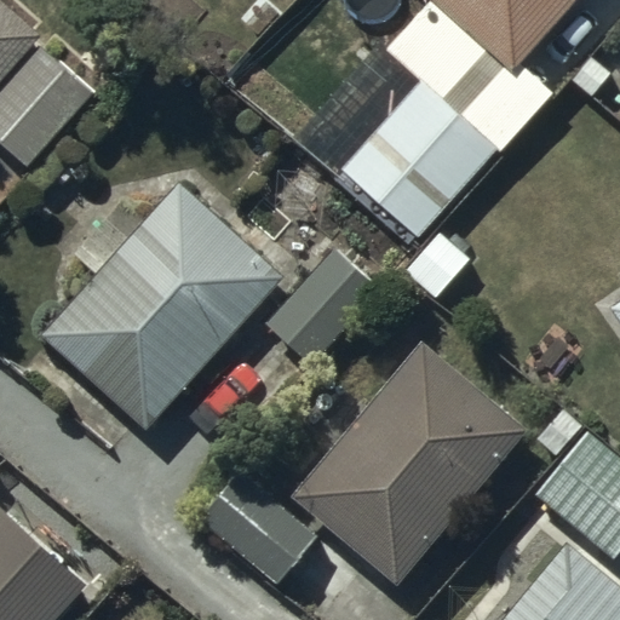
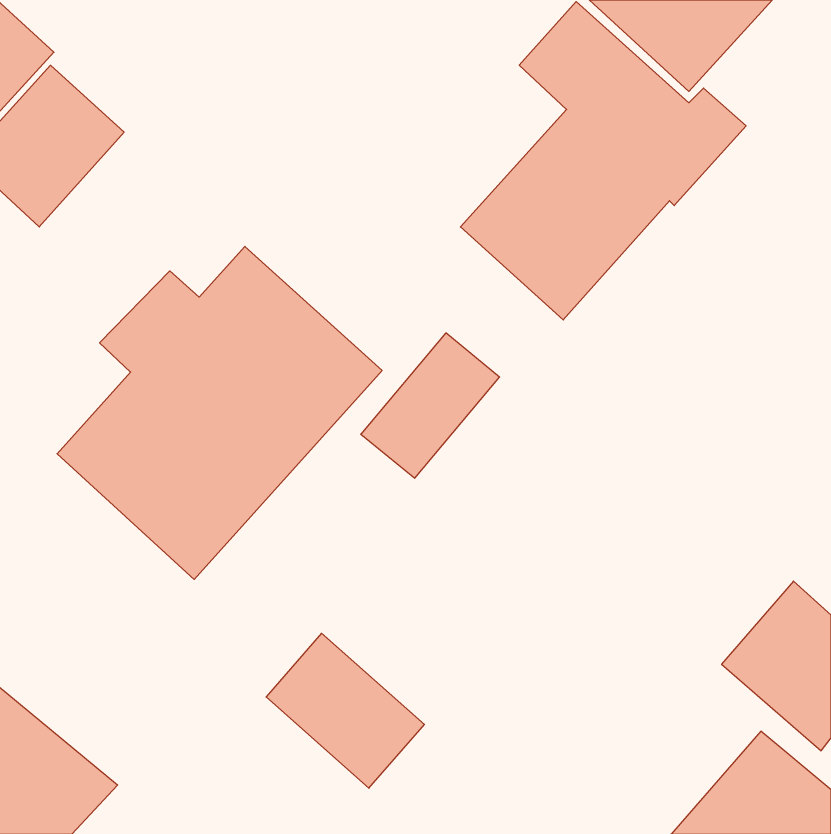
building: [292,343,524,587] -> none

